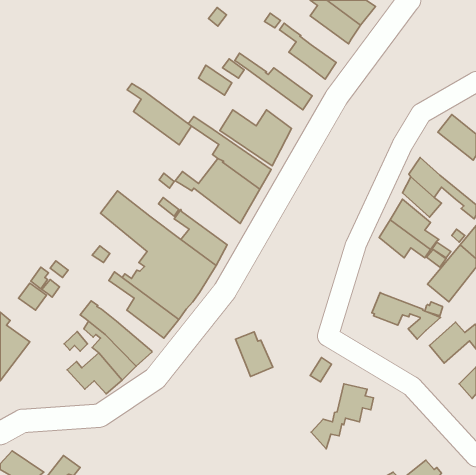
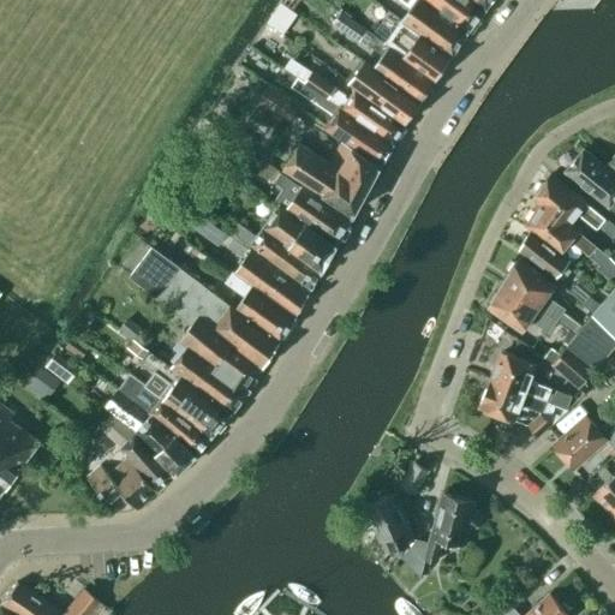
building: none -> [392,22,449,82]
building: none -> [350,62,419,124]
building: none -> [311,90,390,167]
building: [127,83,191,145] -> [226,238,309,317]
building: none -> [535,174,604,232]
building: none -> [492,352,549,400]
building: none -> [125,389,211,454]
building: [236,332,273,377] -> [366,495,414,553]

